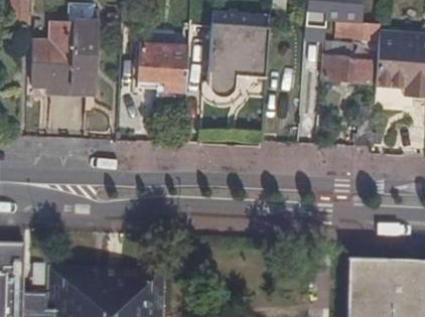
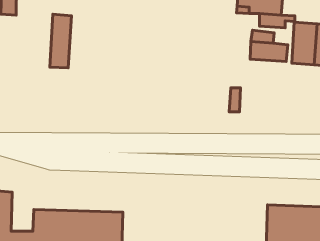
building: [31,19,76,93] -> none
building: [208,24,267,96] -> none
building: [138,43,187,90] -> none

